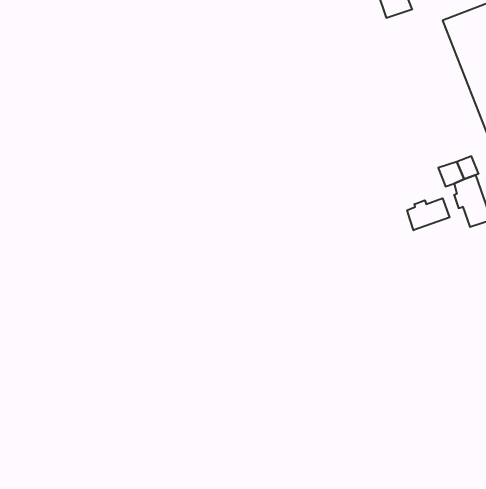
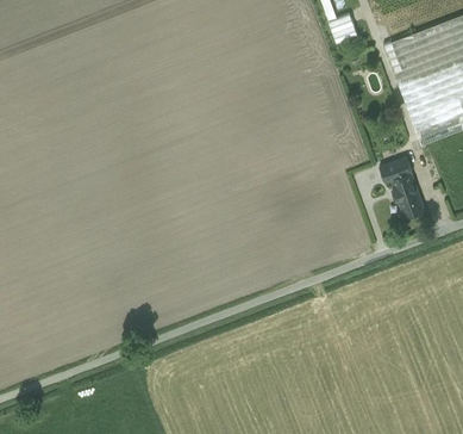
building: [407,198,450,230] -> none

